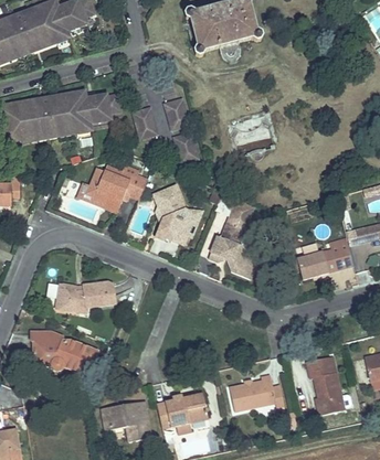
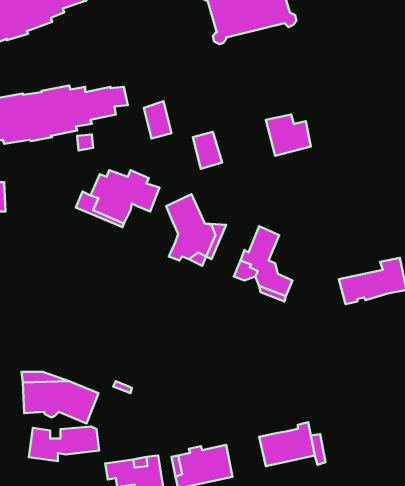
building: [165,98,189,129] -> none
building: [55,282,114,311] -> [29,427,99,461]
building: [306,357,344,415] -> none

